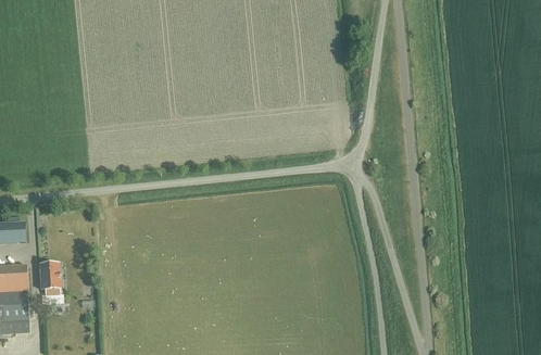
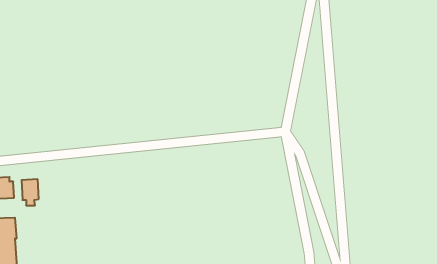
building: [39,264,60,295] -> [22,179,39,205]

